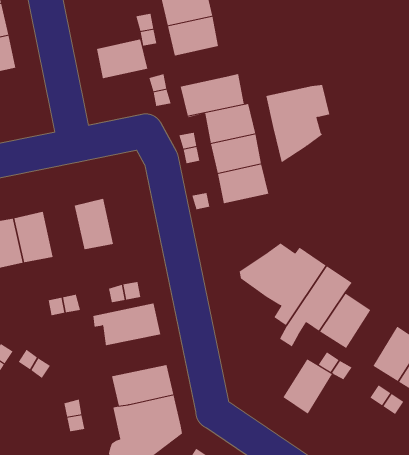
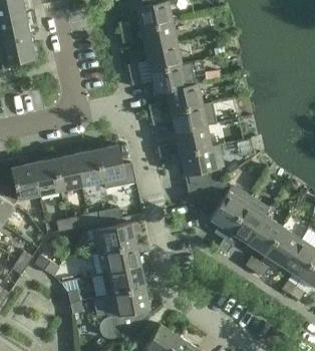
building: [96,39,148,79] -> [145,43,182,71]
building: [265,84,330,163] -> [180,145,225,201]
building: none -> [96,145,136,190]
building: none -> [54,154,82,191]
building: none -> [97,245,140,274]
building: [282,359,333,414] -> [266,228,301,267]

